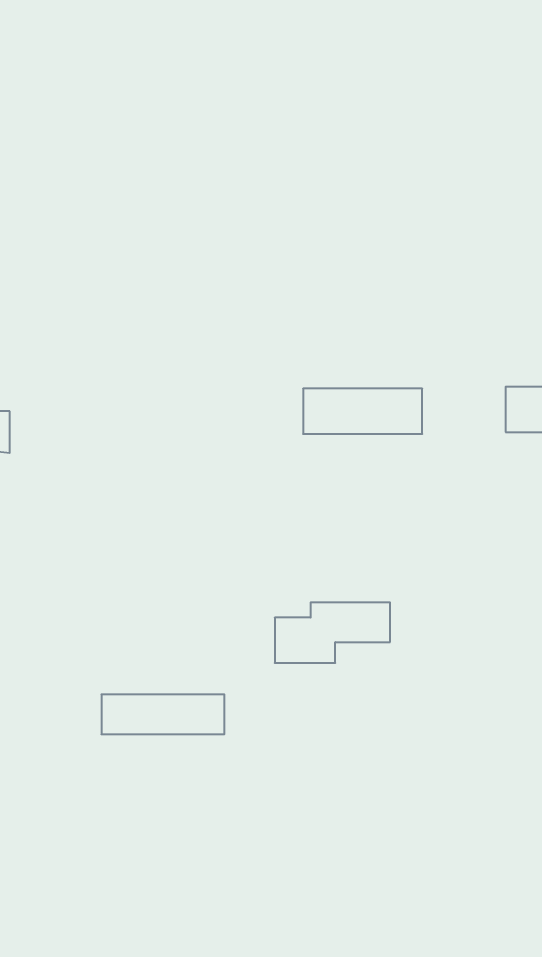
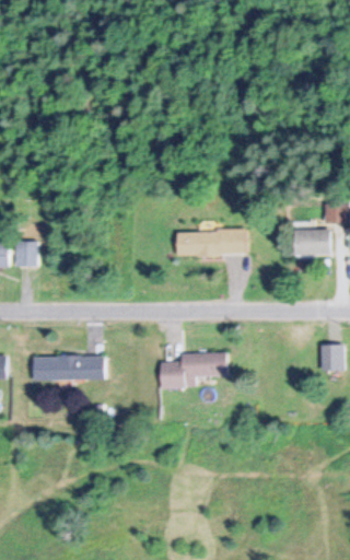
building: none -> [15,238,36,266]
building: [101,694,224,734] -> [33,357,104,380]

